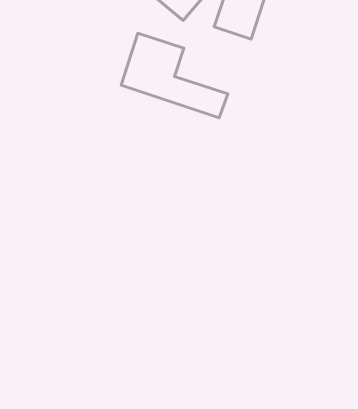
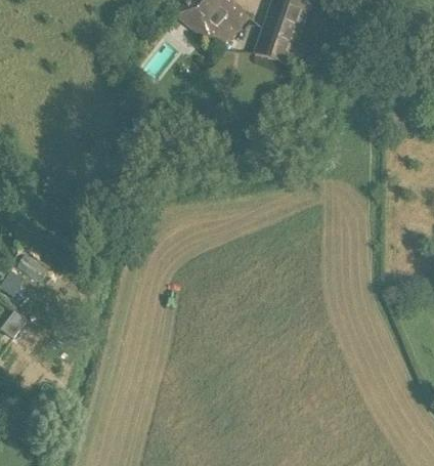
building: [121,33,228,118] -> none

